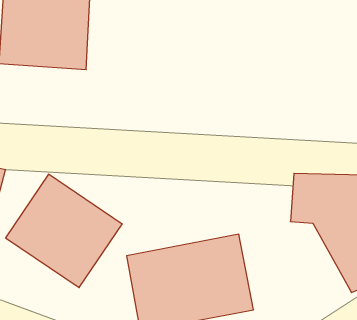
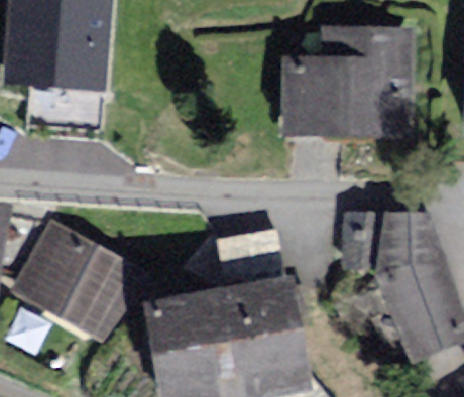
building: none -> [293,35,401,136]

